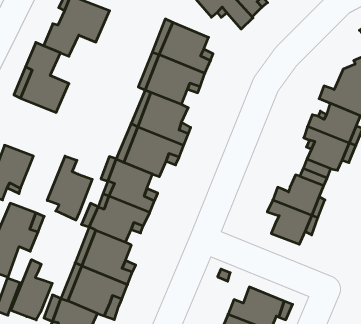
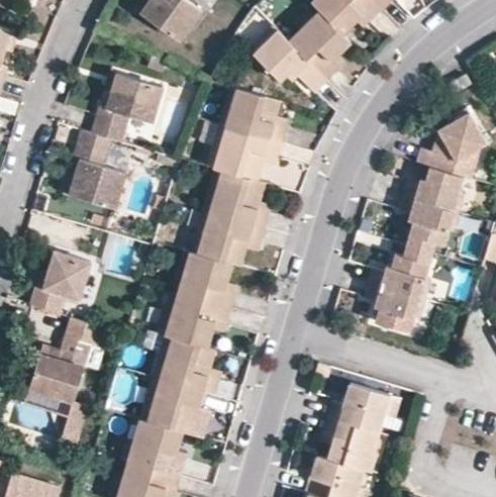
building: [47,156,92,220] -> none
building: [11,260,52,320] -> none

